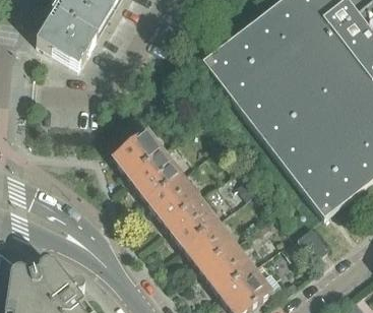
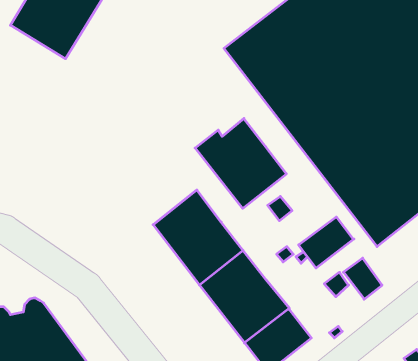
building: [109,129,181,200] -> [195,118,286,208]
building: none -> [299,217,354,268]

